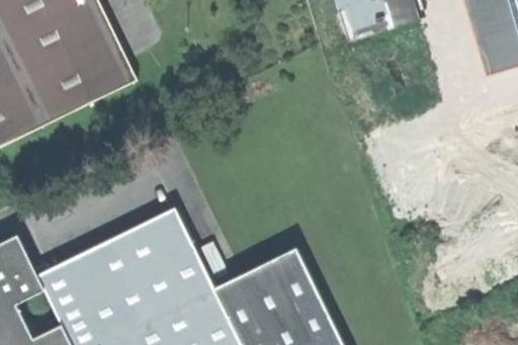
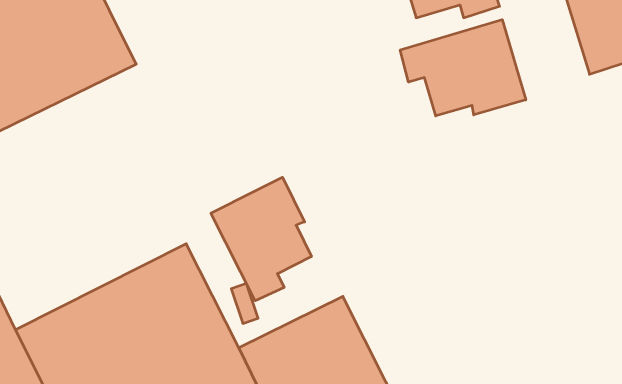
building: none -> [400,20,526,116]
building: none -> [211,177,311,301]

